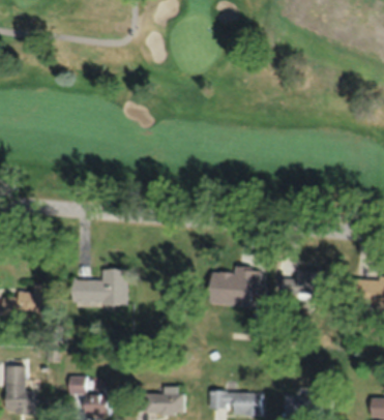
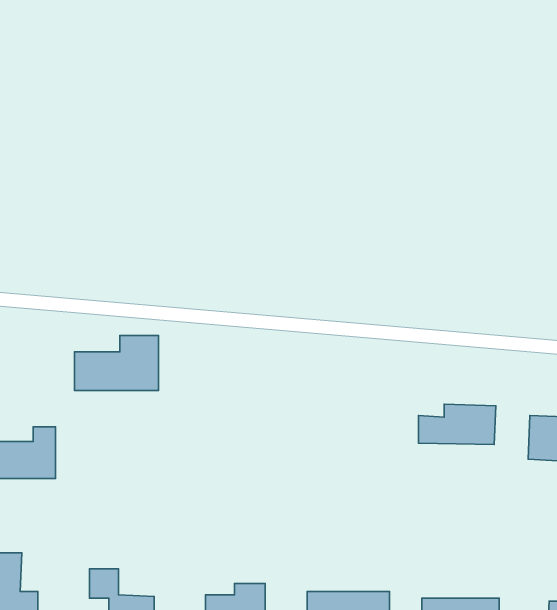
building: [208,267,261,304] -> none
building: [72,269,126,304] -> [75,336,159,390]

